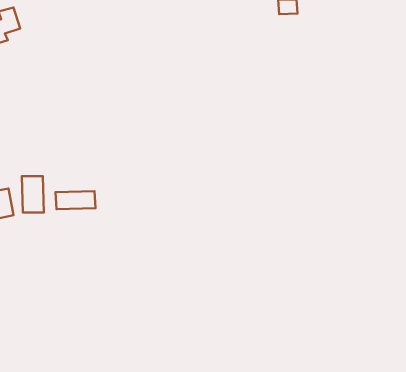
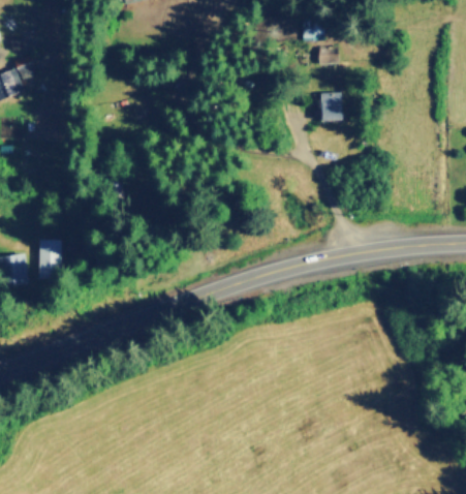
building: none -> [320,92,342,122]
building: [56,191,95,209] -> none

